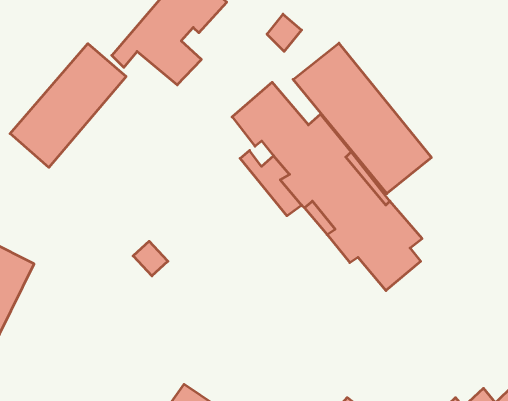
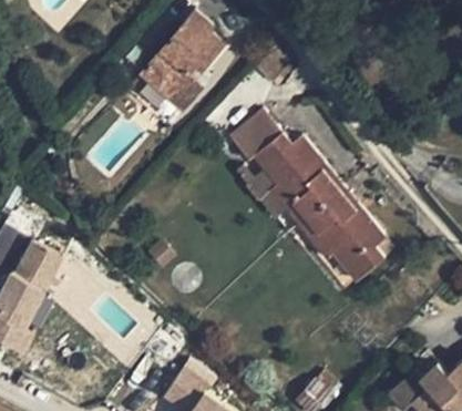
building: [293,43,431,194] -> none
building: [10,44,126,167] -> none

